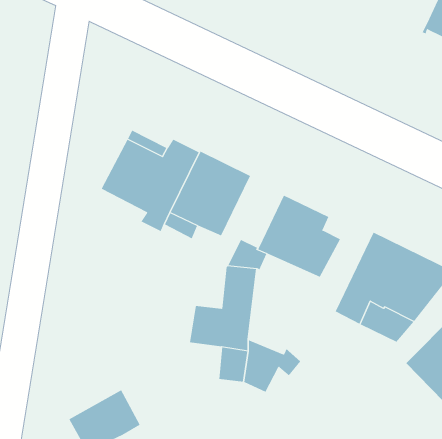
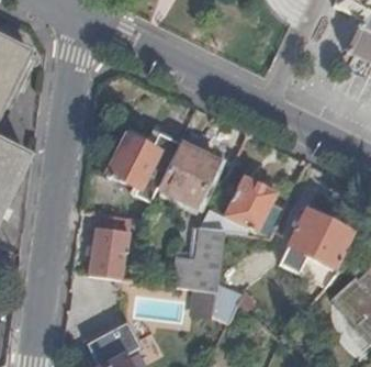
building: none -> [89,213,144,278]

